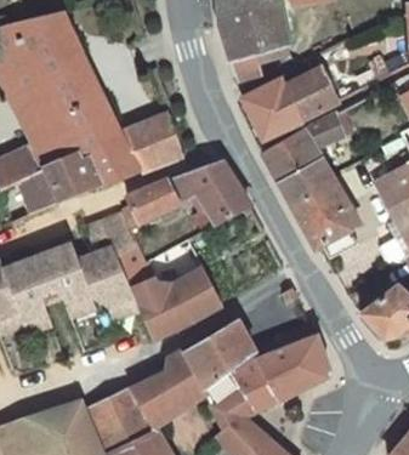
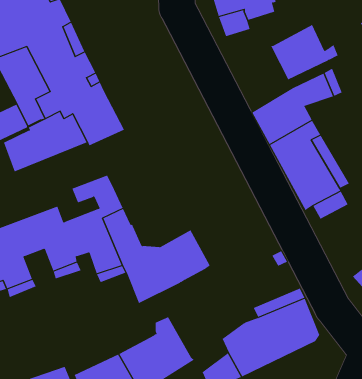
building: [238,80,299,142] -> none
building: [120,112,182,169] -> none
building: [123,159,251,227] -> none
building: [182,318,255,405] -> none

